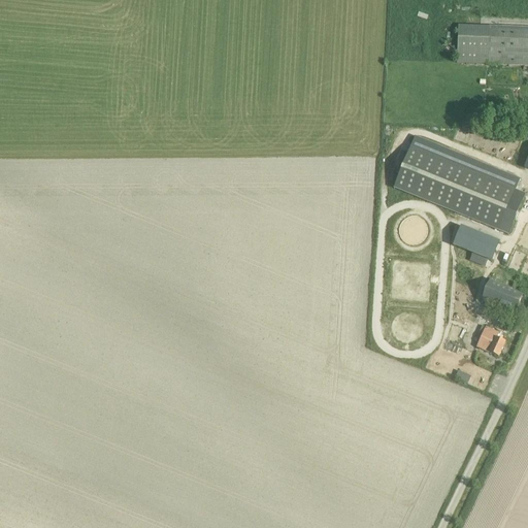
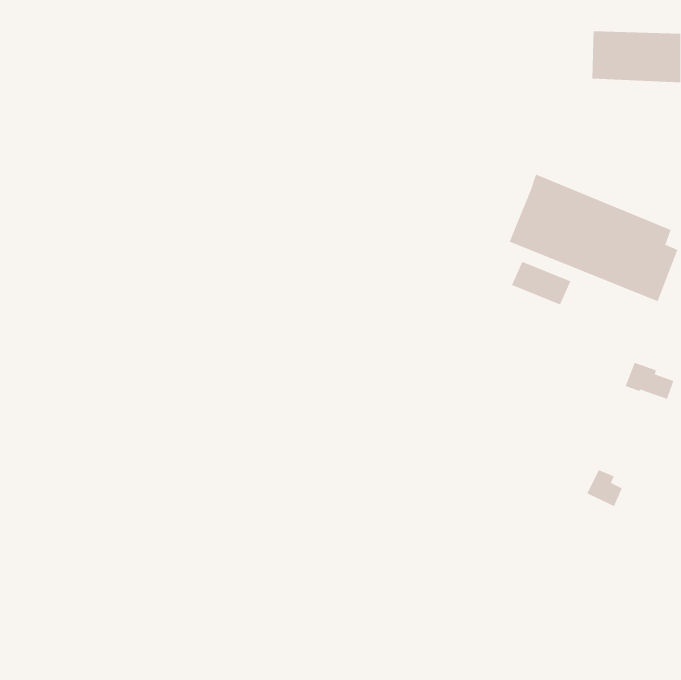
building: [453,226,499,260] -> [511,261,571,305]
building: [476,326,504,355] -> [586,469,622,507]

